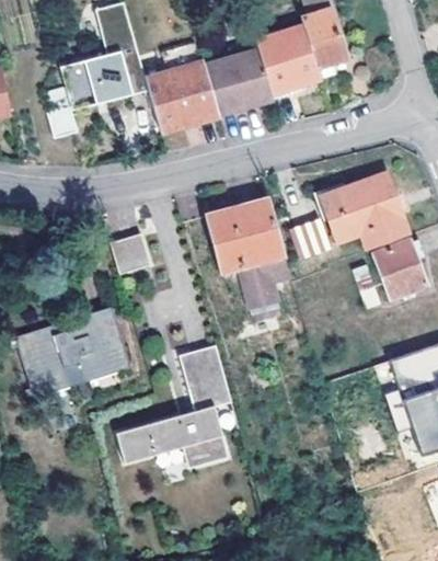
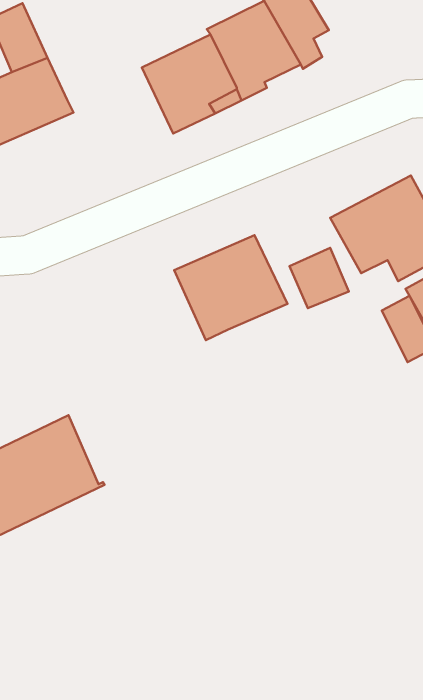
building: [146,65,220,131] -> none
building: [108,232,149,274] -> none
building: [238,254,290,310] -> none
building: [114,345,229,469] -> none

